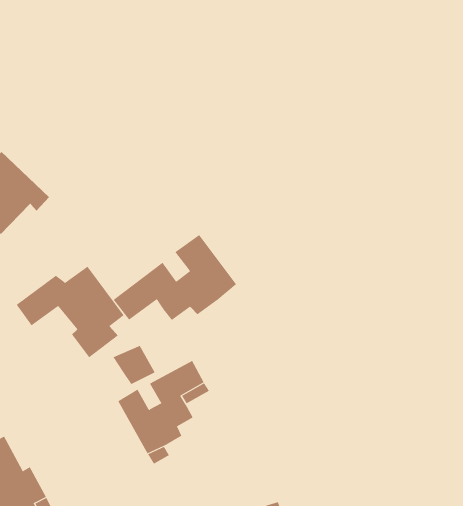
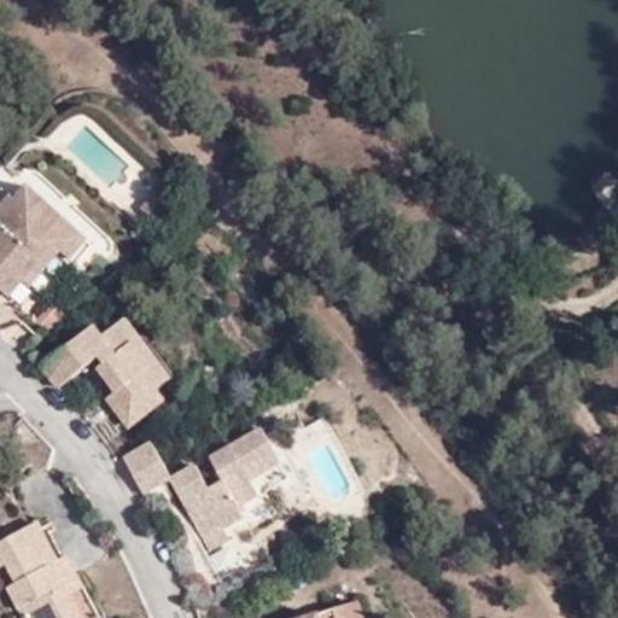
building: [113,234,237,321] -> none
building: [112,345,155,385] -> [115,445,165,492]

